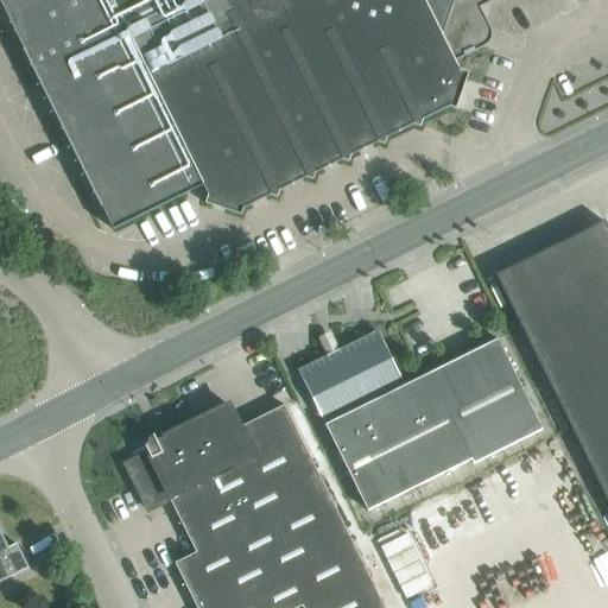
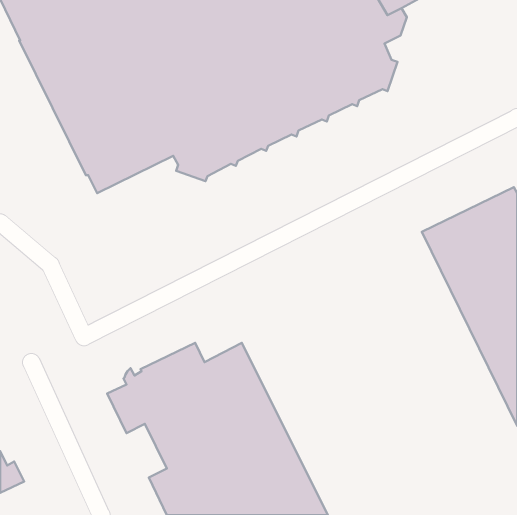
building: [299,330,542,508] -> none

